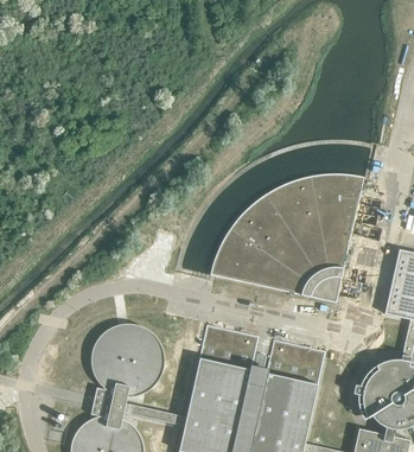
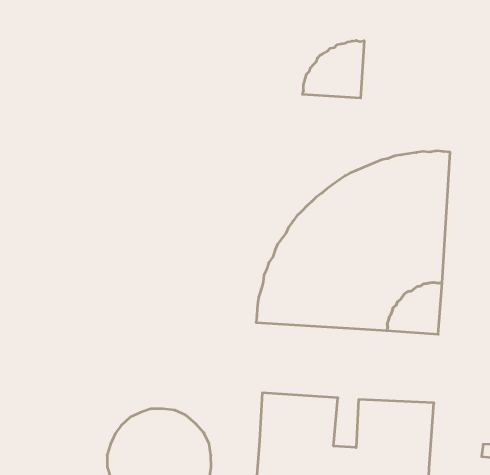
building: none -> [302,40,364,98]

